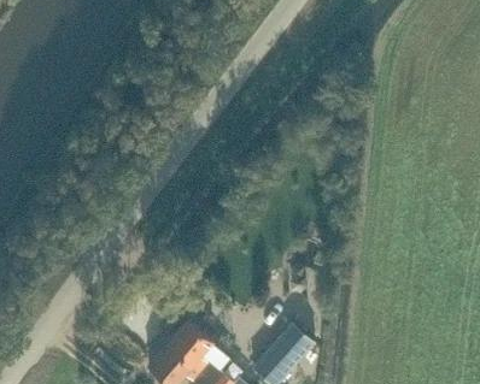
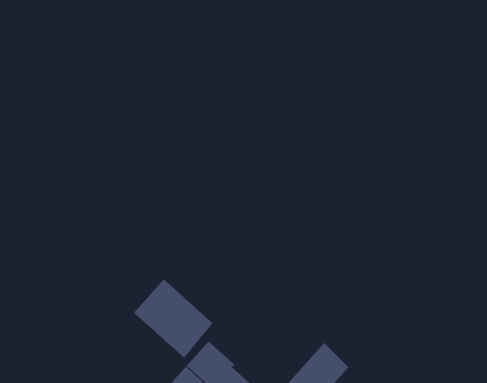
building: none -> [133,279,213,359]

